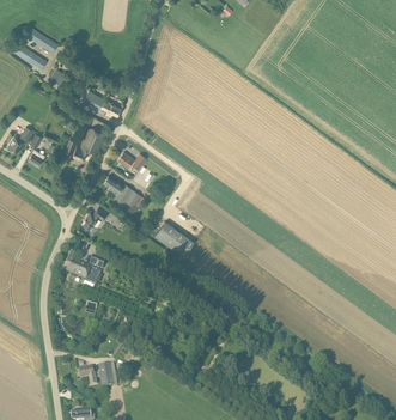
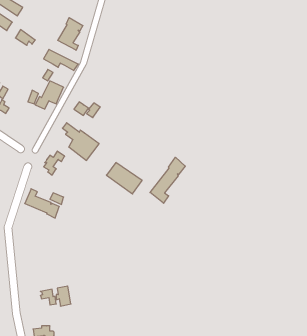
building: none -> [58,18,83,50]
building: none -> [150,157,185,203]

